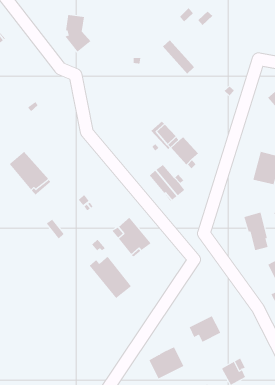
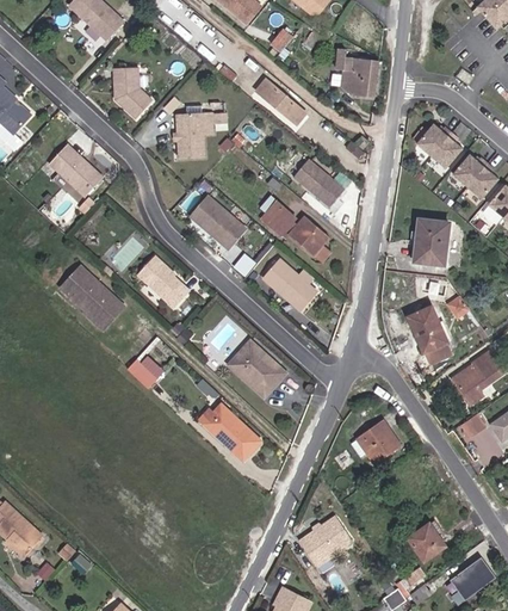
building: none -> [334,47,378,98]
building: none -> [176,110,213,158]
building: none -> [45,142,99,195]
building: none -> [292,158,343,208]
building: none -> [191,196,243,246]
building: none -> [135,255,186,307]
building: [189,316,221,342] -> [351,422,398,463]

